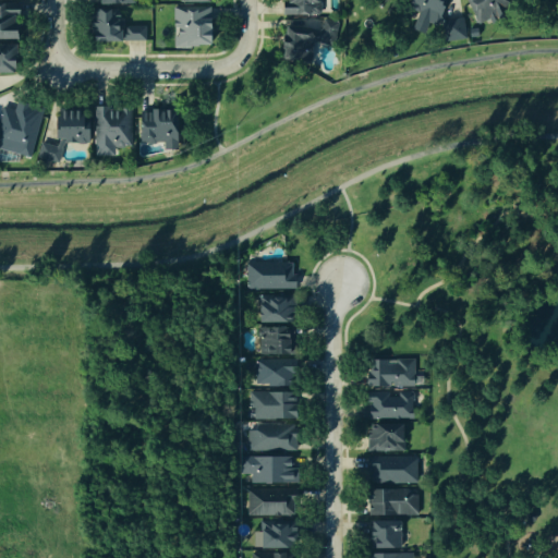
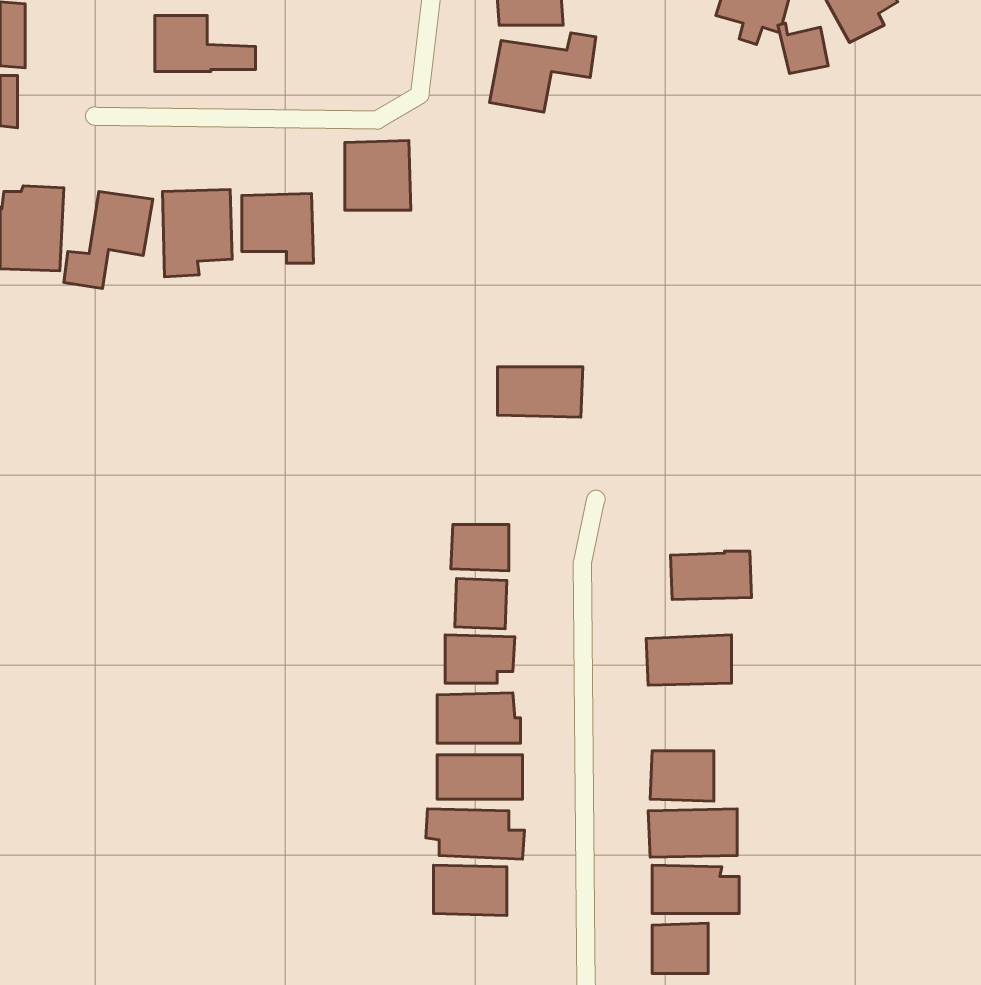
building: [177,5,214,45] -> [345,140,411,210]
building: [248,260,296,289] -> [498,367,583,417]
building: [371,391,416,418] -> [670,551,752,600]
building: [260,519,294,547] -> none

